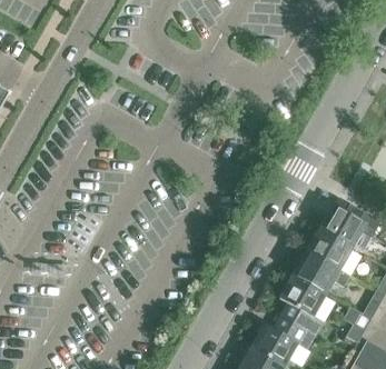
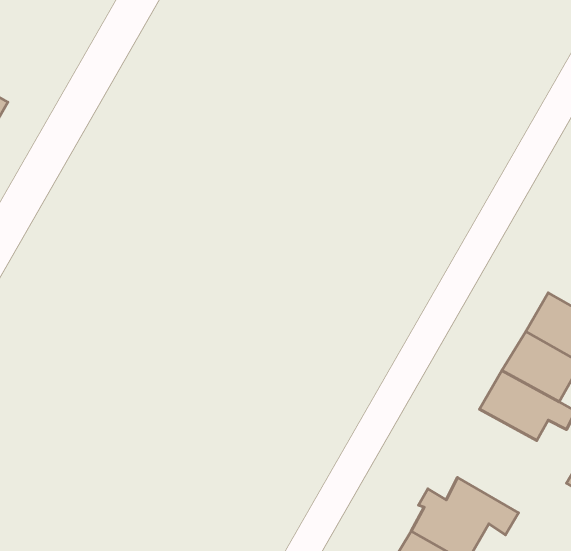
building: [277,277,325,339] -> none

